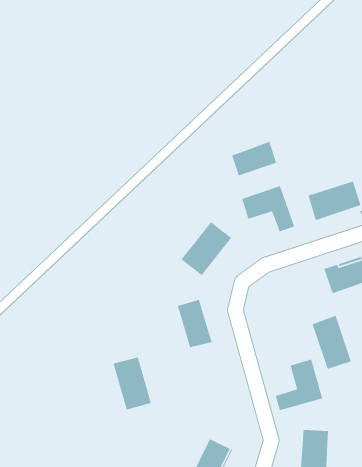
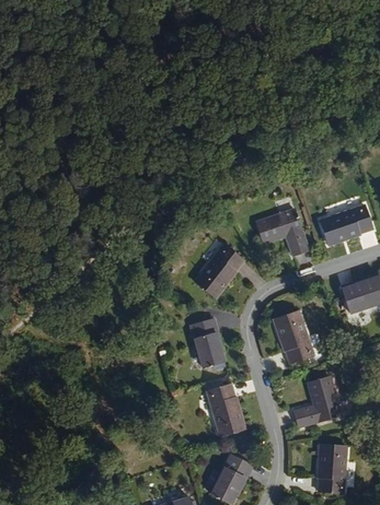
building: [231,141,277,176] -> none
building: [311,315,352,370] -> [273,310,312,364]
building: [113,356,152,410] -> [209,383,247,435]

